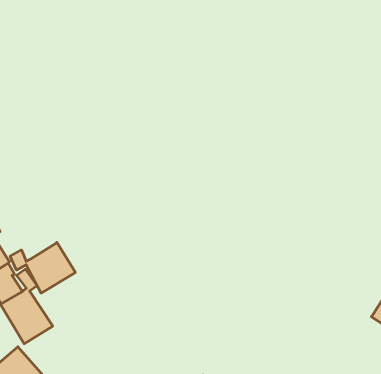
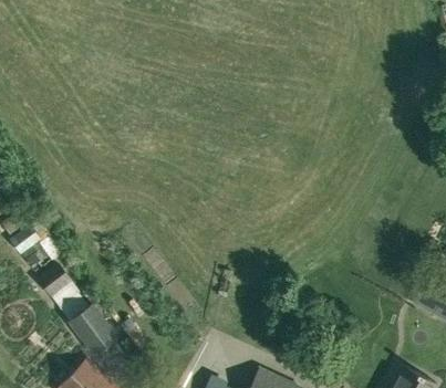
building: [10,242,75,293] -> none

